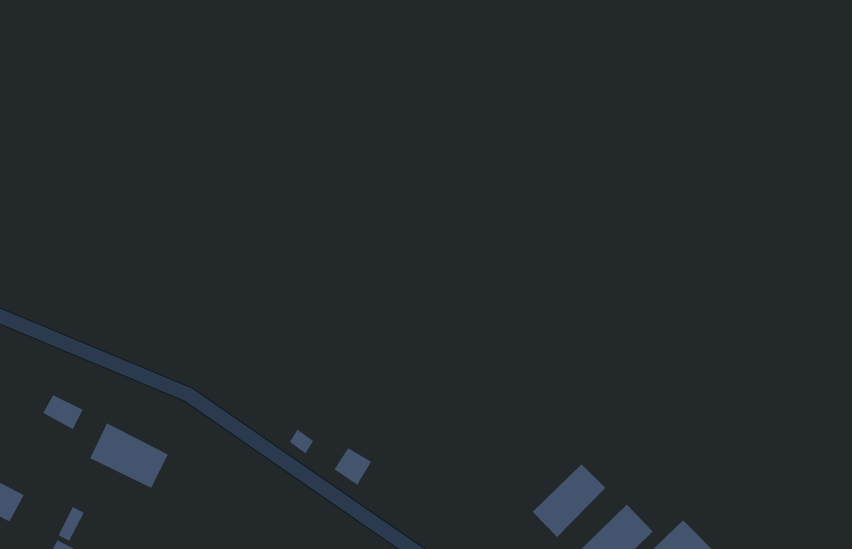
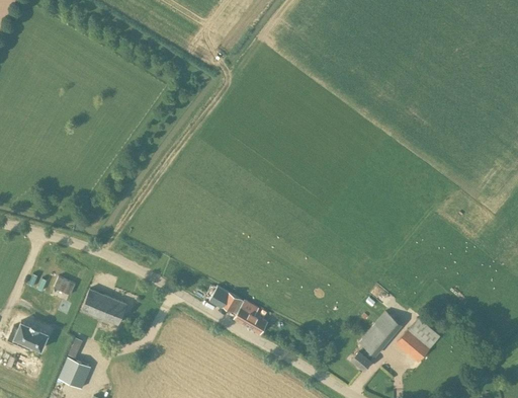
building: [532,463,606,538] -> none
building: none -> [234,301,267,334]

